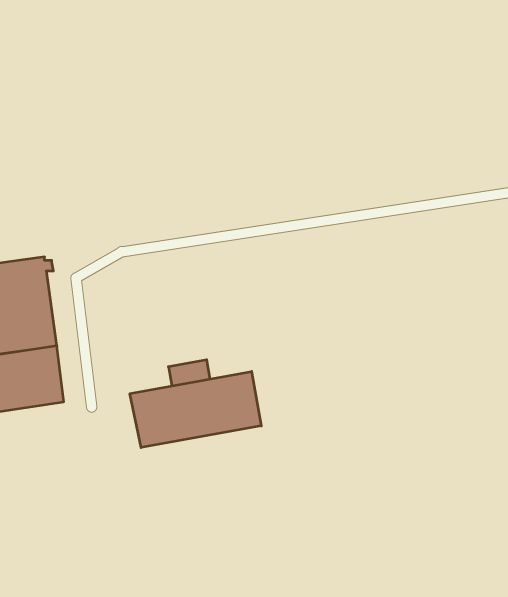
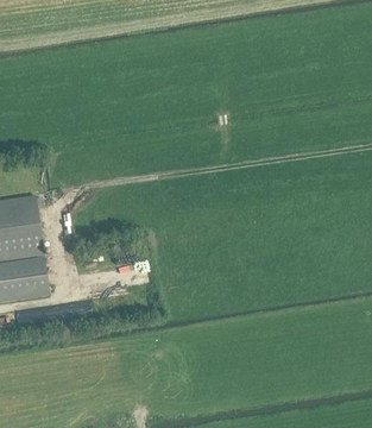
building: [130,371,261,448] -> none

